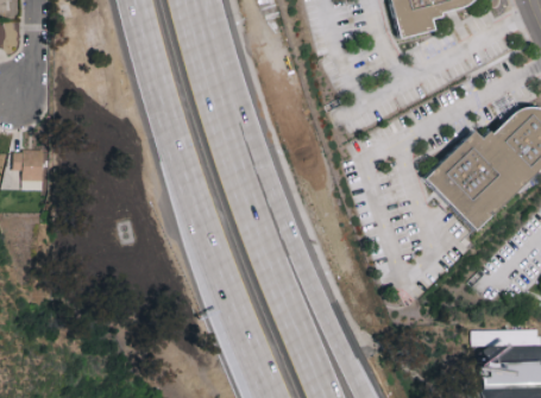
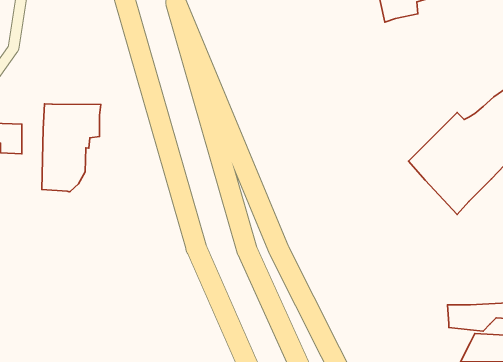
building: none -> [42,104,101,192]

